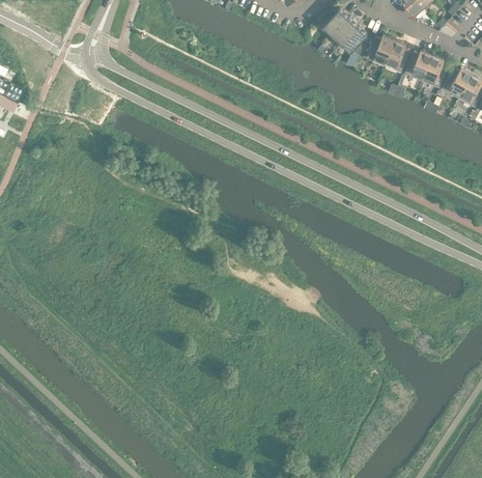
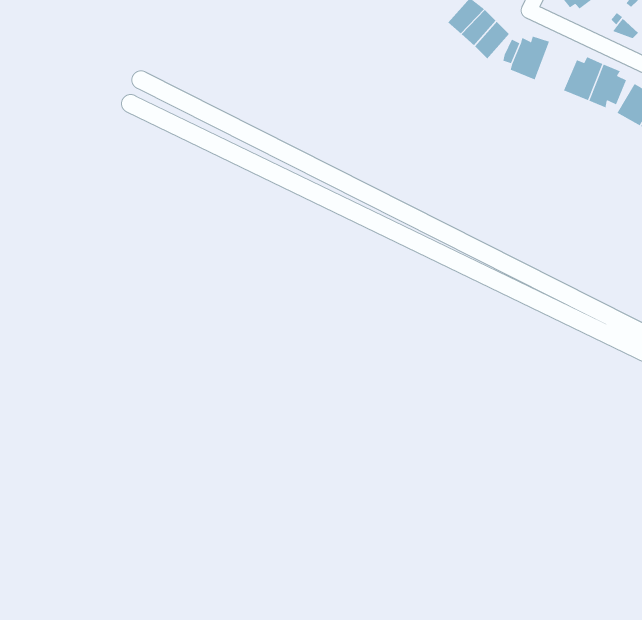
building: [385,39,410,74] -> none

